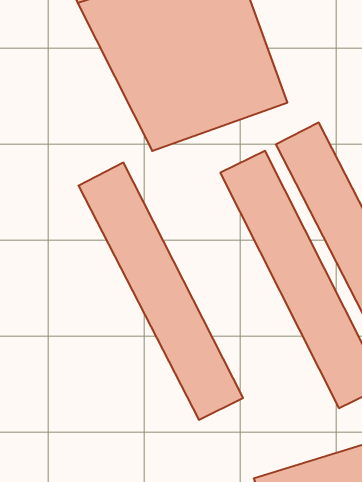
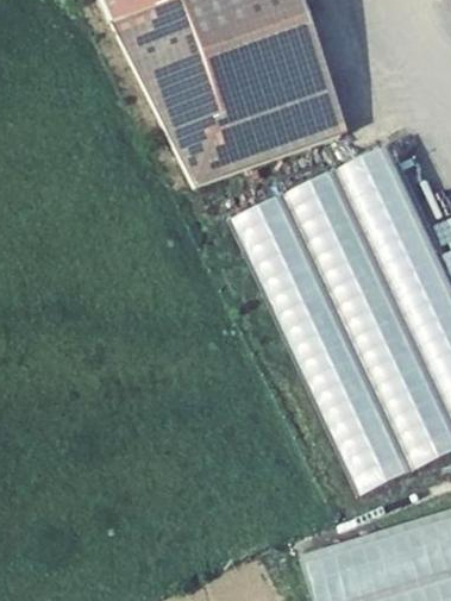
building: [78,163,243,420] -> [212,213,399,505]

